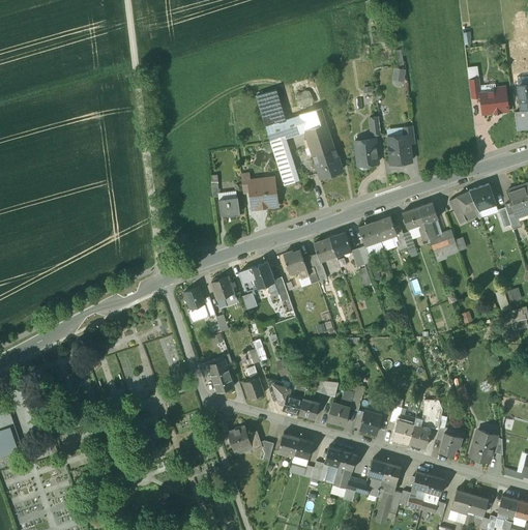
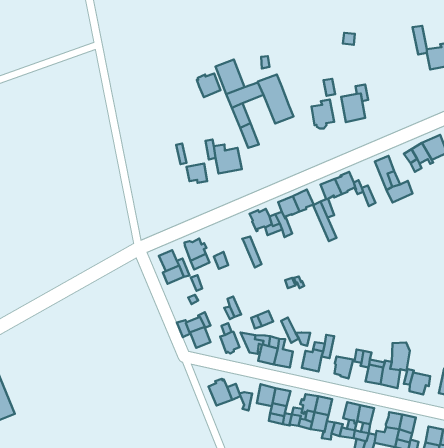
building: none -> [197,73,221,97]
building: [315,154,342,177] -> none
building: [402,207,429,240] -> none
building: [240,262,274,291] -> none

